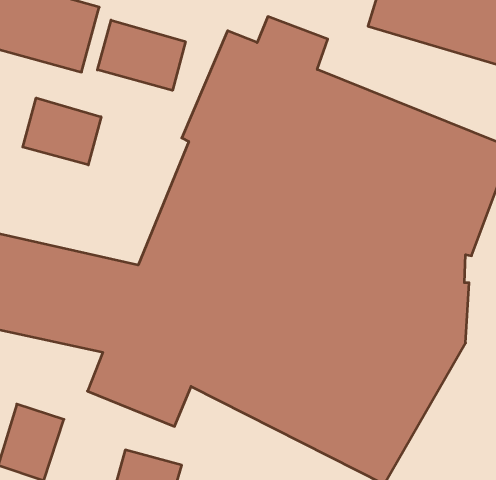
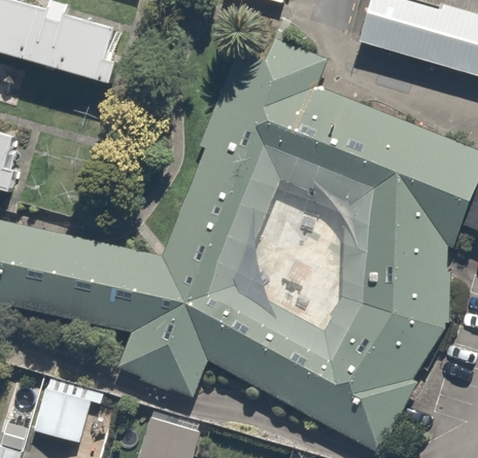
building: [97,20,185,90] -> none
building: [23,98,101,165] -> none

